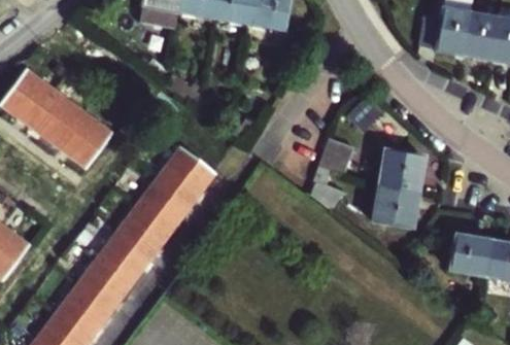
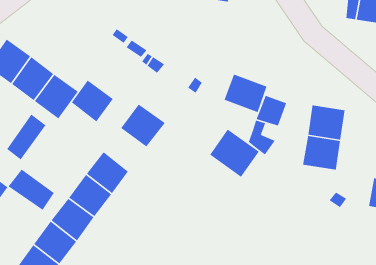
building: none -> [224,74,267,113]
building: none -> [6,113,46,160]
building: [140,177,191,228] -> [71,80,114,123]
building: none -> [209,128,260,178]
building: none -> [8,168,55,211]

